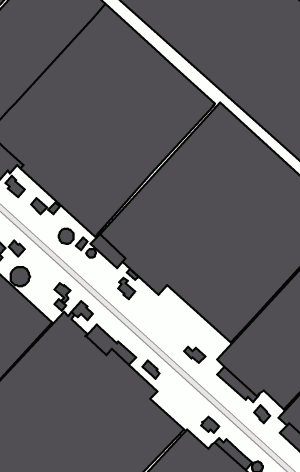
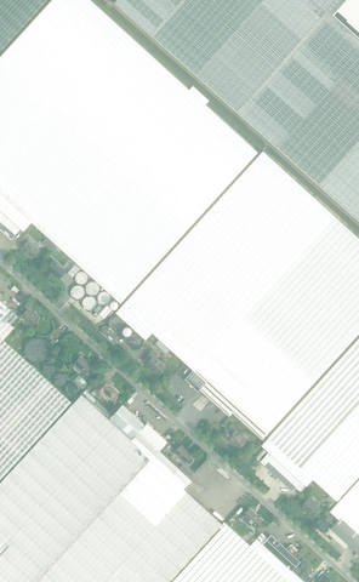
building: none -> [184,359,275,439]

